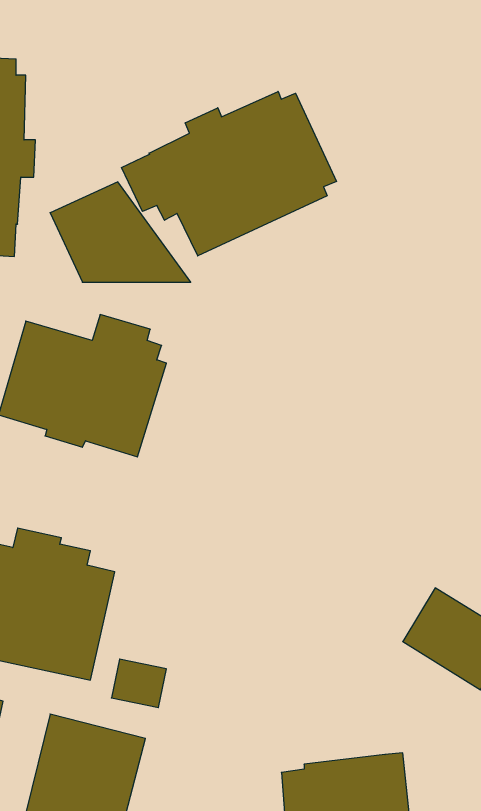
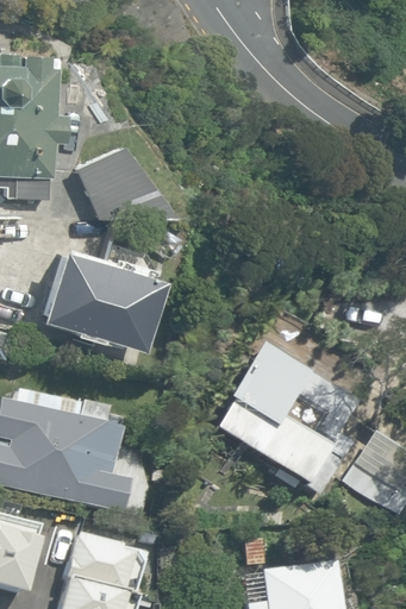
building: [121,91,336,256] -> none
building: none -> [213,349,360,494]

